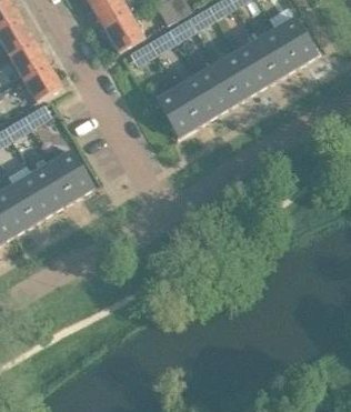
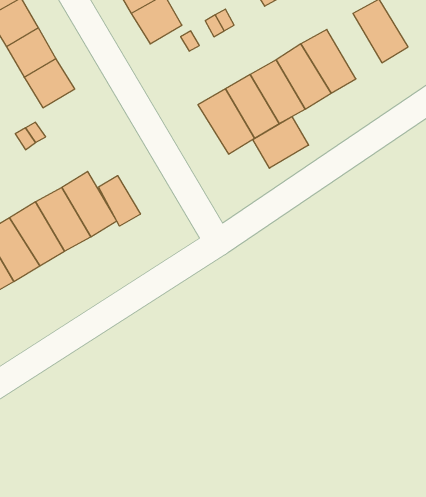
building: [255,29,298,79] -> none
building: none -> [253,117,309,168]
building: none -> [98,176,140,226]

